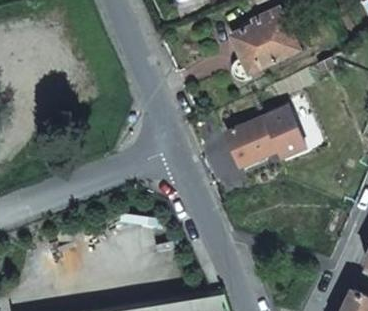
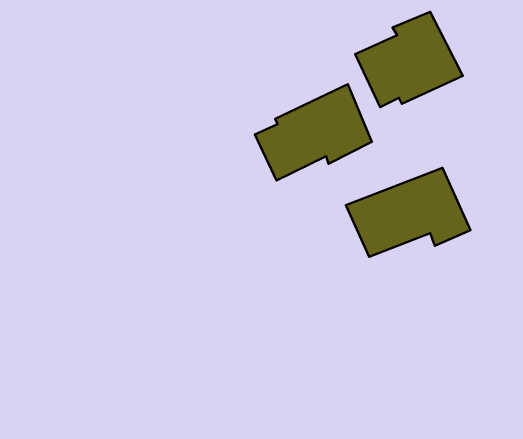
building: none -> [255,84,372,181]

